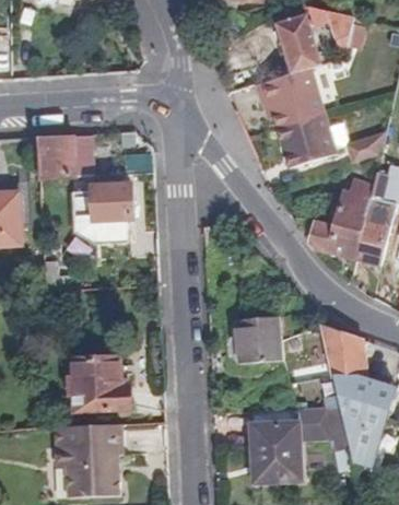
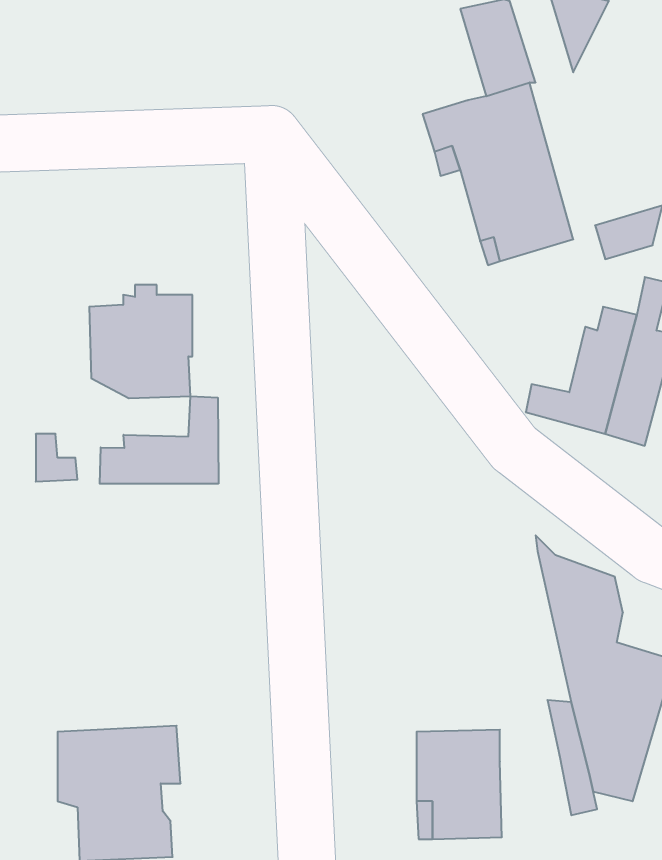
building: [39,132,75,174] -> none
building: none -> [100,396,218,484]
building: [235,320,282,364] -> none
building: [73,354,129,409] -> none
building: [297,407,331,441] -> none

